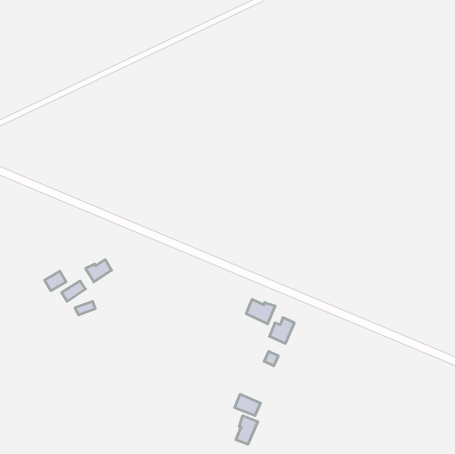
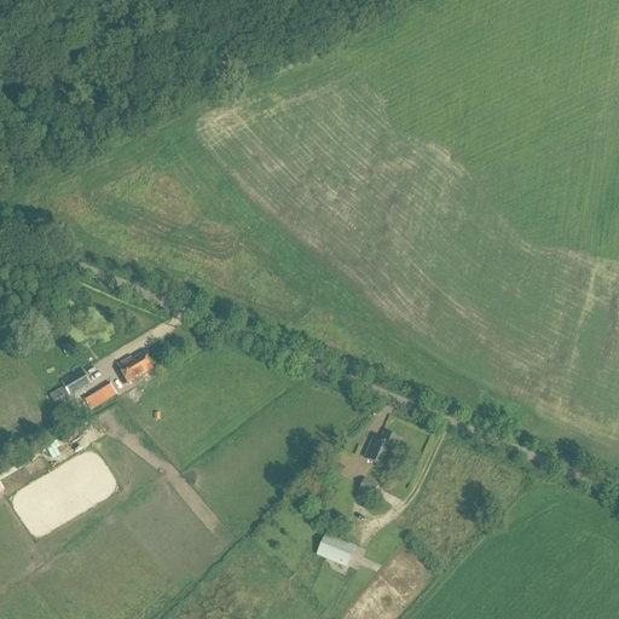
building: [246,299,275,324] -> none
building: [236,416,258,444] -> none

